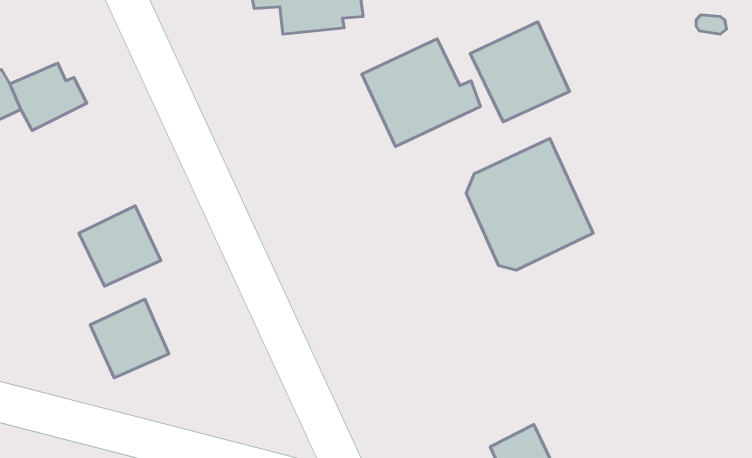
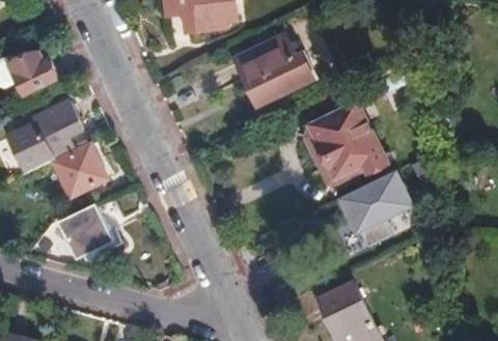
building: [470,22,570,122] -> none
building: none -> [17,101,82,168]
building: none -> [336,169,414,234]

